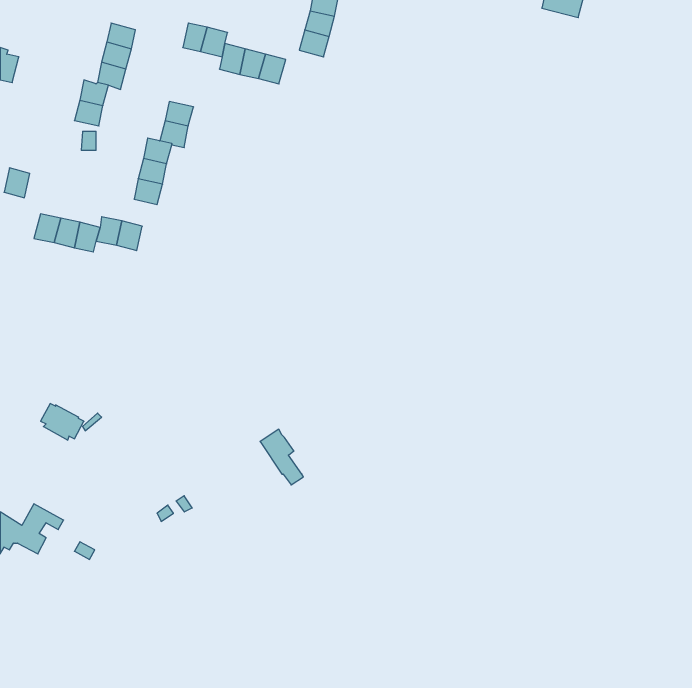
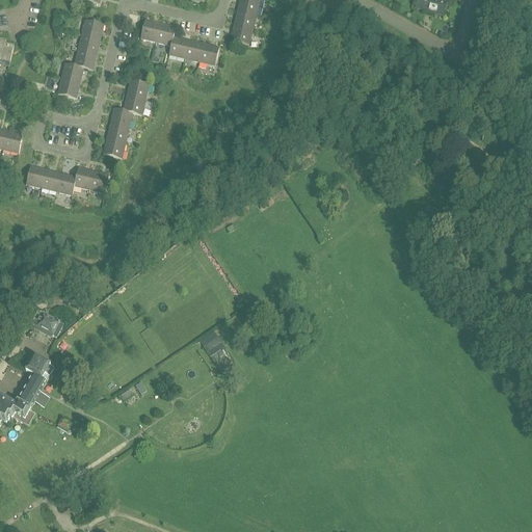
building: none -> [26,353,54,399]

